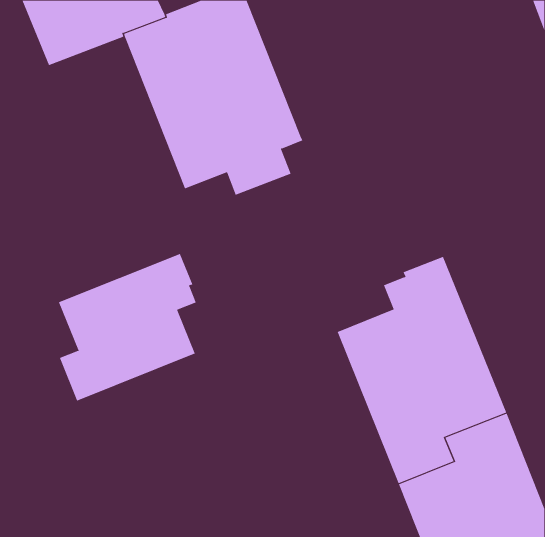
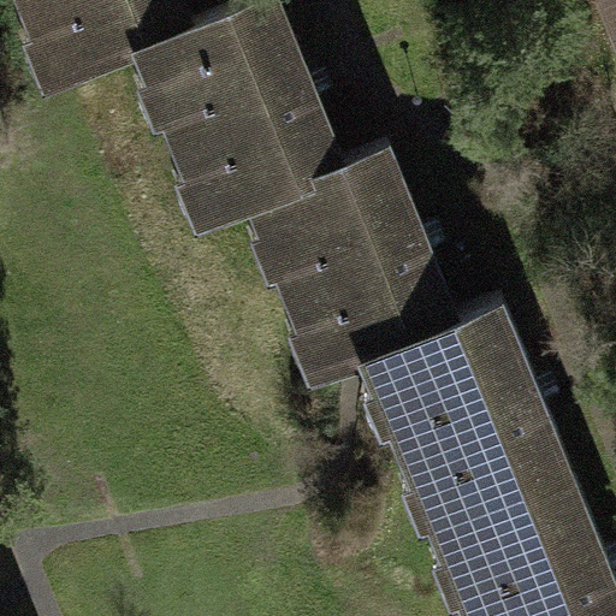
building: none -> [262,150,451,386]
building: [58,253,197,401] -> none

